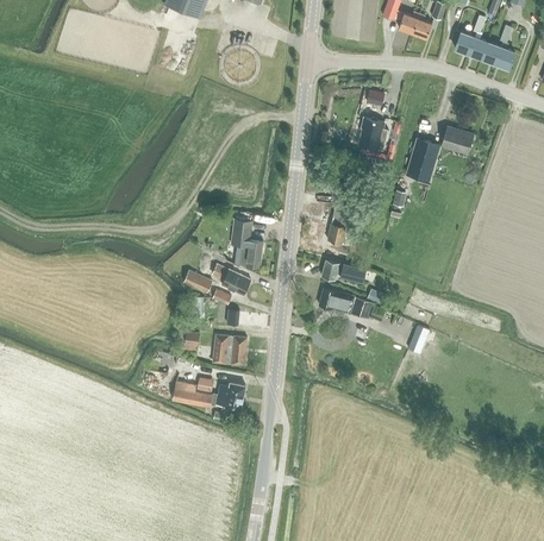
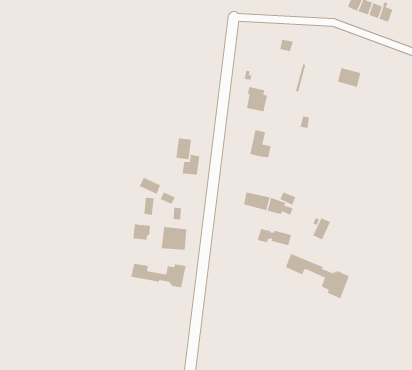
building: [359,117,388,150] -> [246,86,268,112]
building: [405,137,439,181] -> none
building: [321,259,367,282] -> [257,228,292,246]
building: [212,263,250,294] -> none
building: none -> [285,253,349,299]

